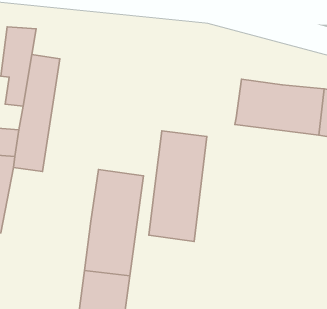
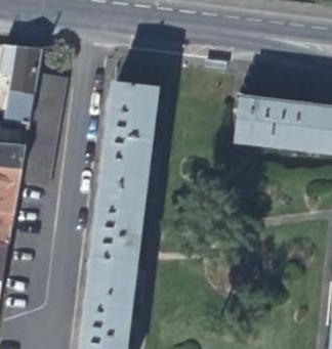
building: [149,131,207,242] -> [102,84,158,189]

